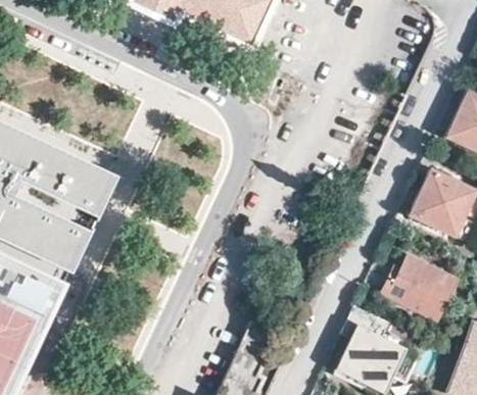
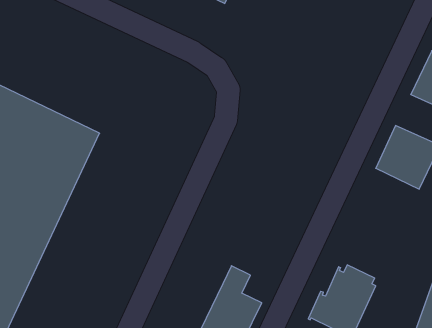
building: [381,256,457,319] -> none

